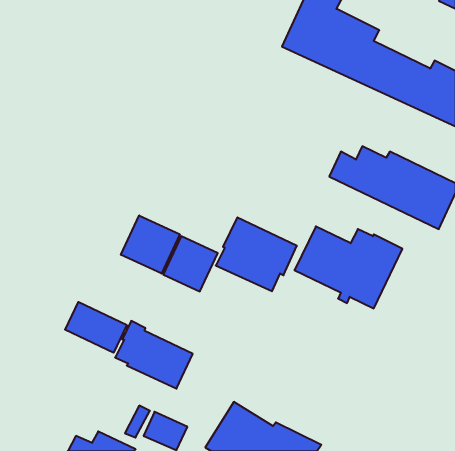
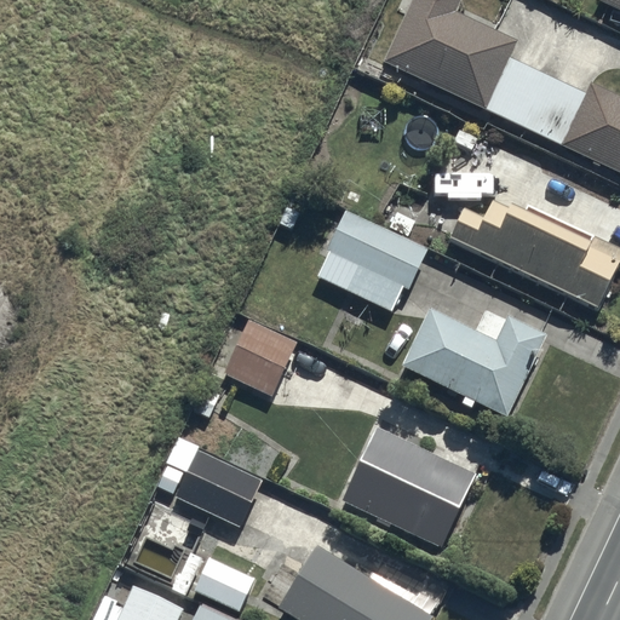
building: [121,215,180,274] -> none
building: [216,217,297,291] -> [317,211,427,311]
building: [65,302,127,353] -> none
building: none -> [341,430,475,549]

